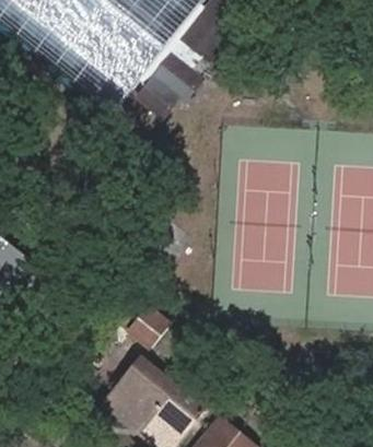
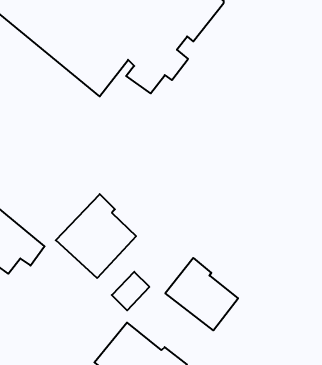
building: none -> [56,194,136,278]
building: none -> [165,258,238,330]

